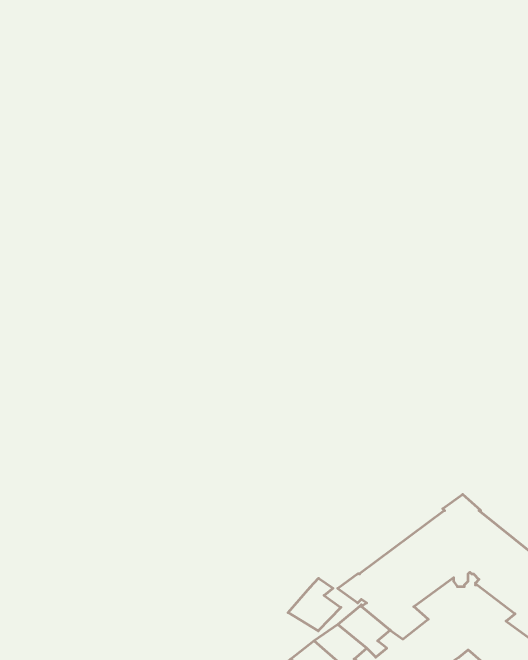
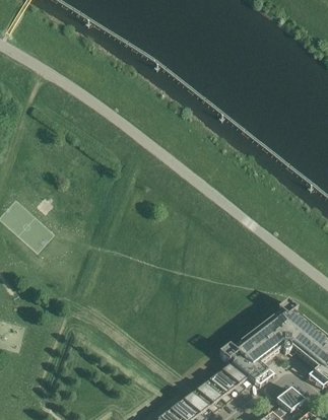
building: [288,578,341,631] -> none

